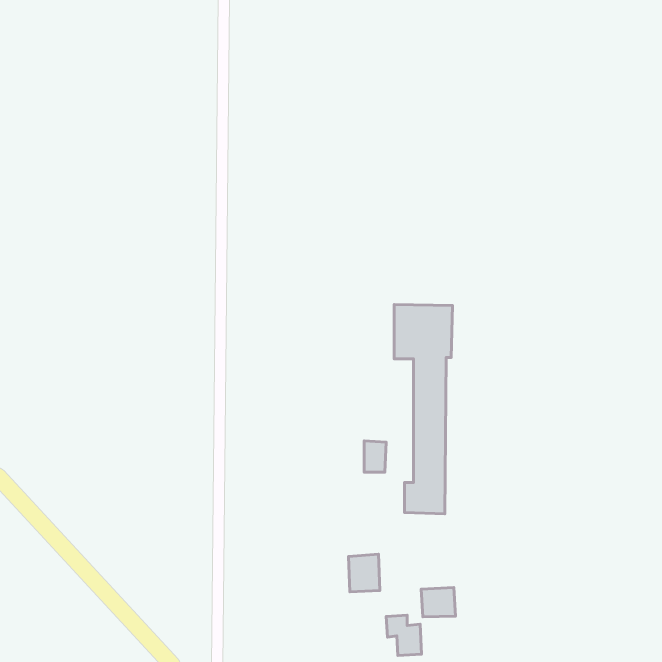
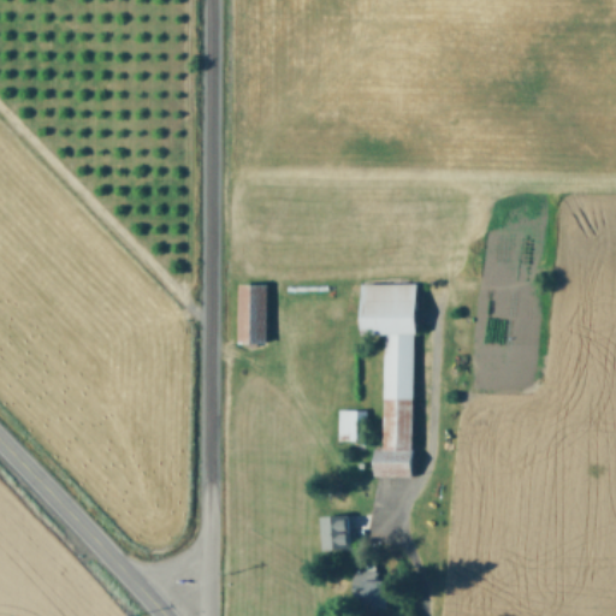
building: none -> [239,284,267,342]
building: [421,587,455,617] -> none

